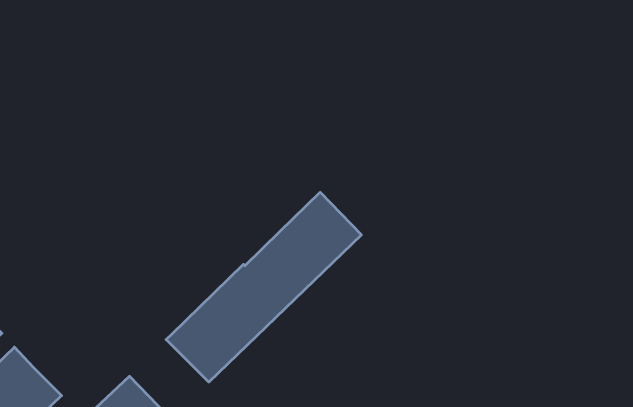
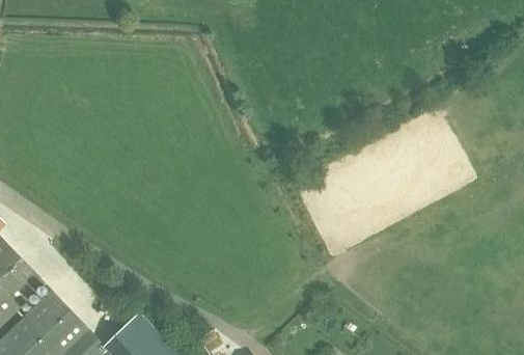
building: [166,192,361,382] -> none

